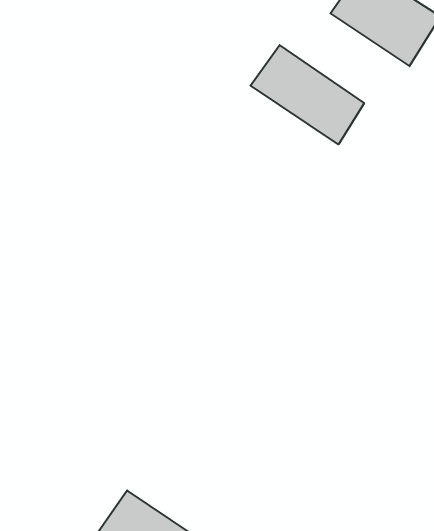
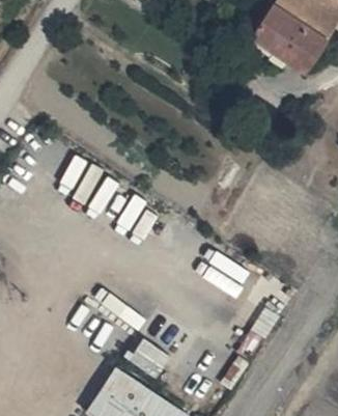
building: [250,45,364,144] -> none

